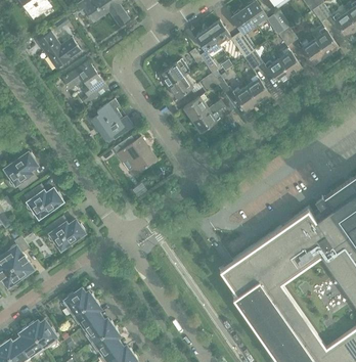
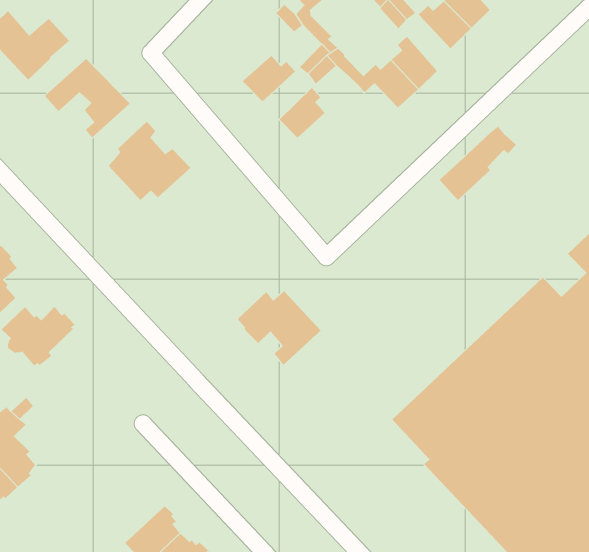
building: [159,59,189,87] -> none
building: [191,97,234,133] -> [439,126,517,201]
building: [114,137,157,177] -> [237,291,321,366]
building: [45,219,85,251] -> none
building: [64,288,95,317] -> none

